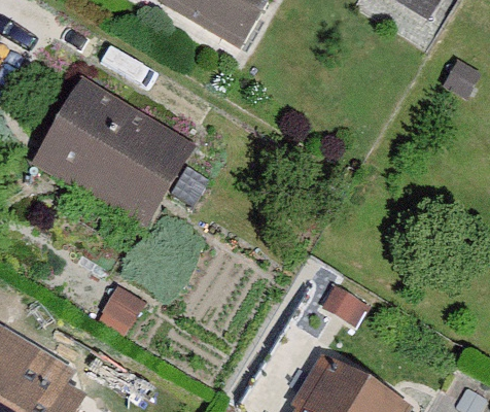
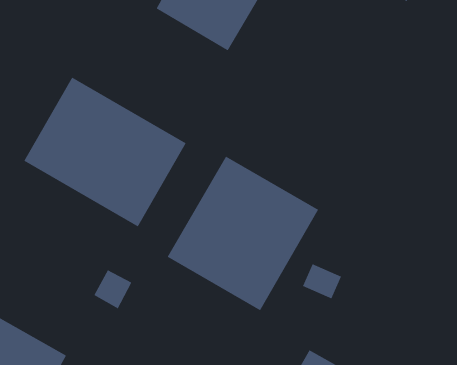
building: none -> [167,156,319,311]

